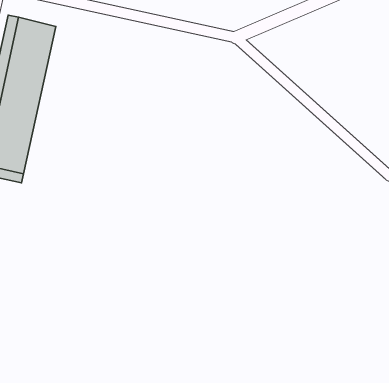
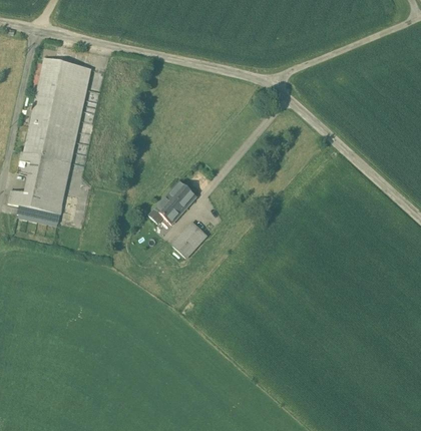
building: none -> [151,180,198,224]
building: none -> [174,227,204,257]

